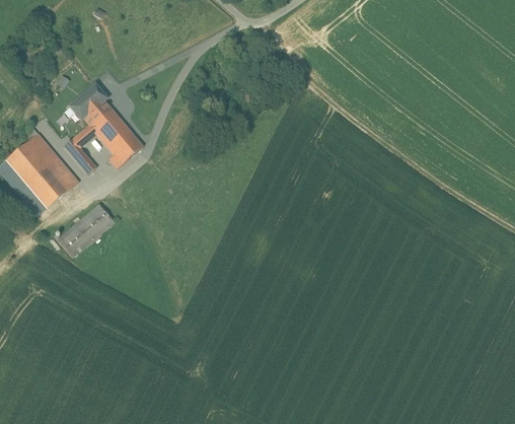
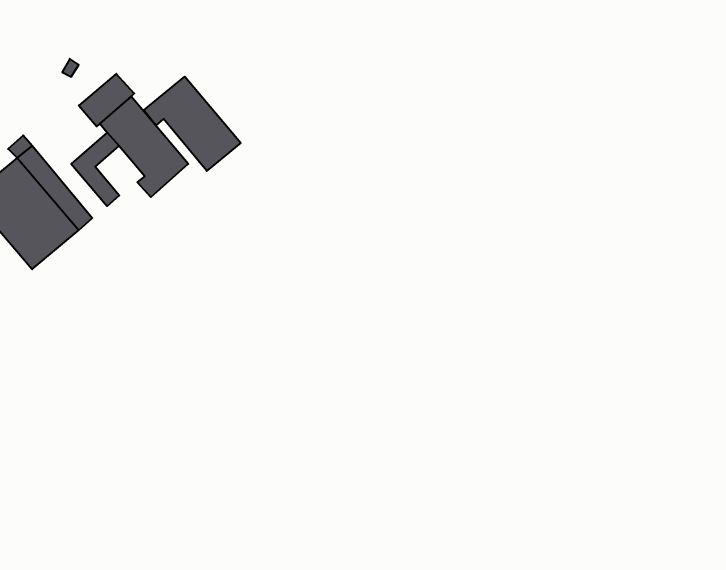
building: none -> [144,77,241,171]
building: [58,204,114,256] -> none

